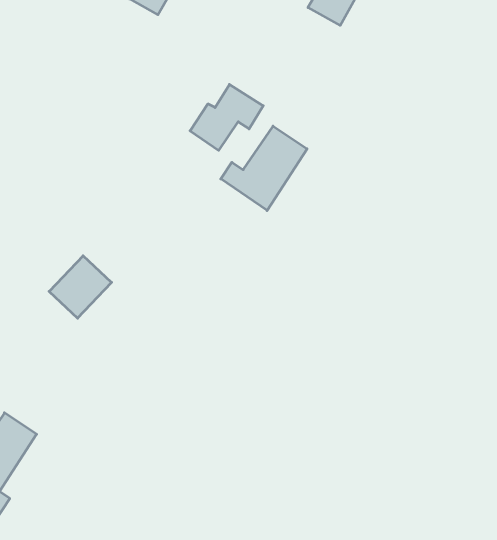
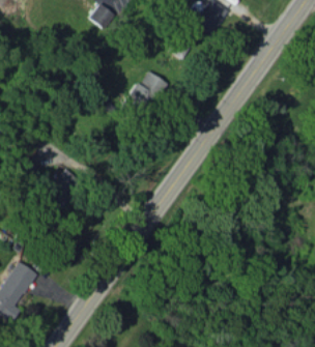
building: [221,126,307,211] -> none

